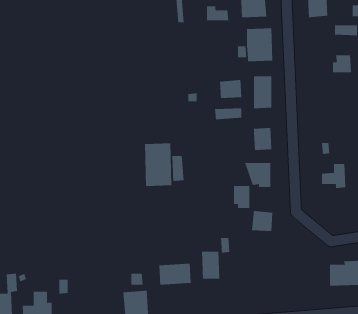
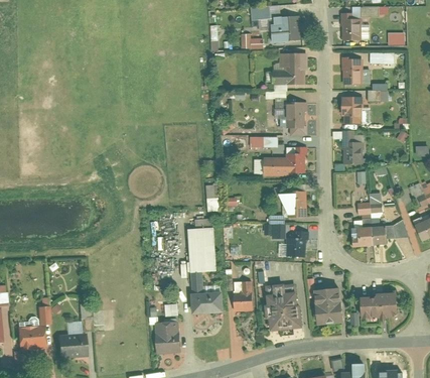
building: none -> [341,58,363,86]
building: none -> [342,97,363,125]
building: [219,80,242,98] -> [265,159,288,178]
building: none -> [343,143,364,166]
building: [144,143,172,187] -> [188,228,217,272]
building: none -> [353,228,387,248]
building: none -> [315,286,343,325]
building: none -> [267,291,300,331]

